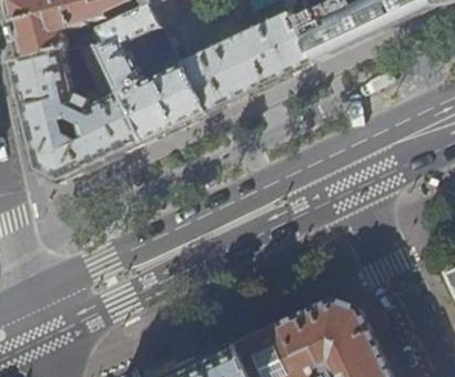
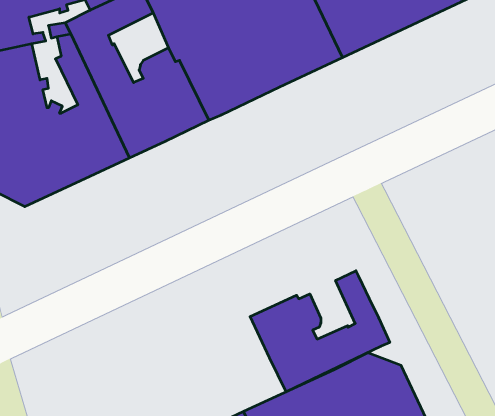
building: none -> [250,271,390,392]

